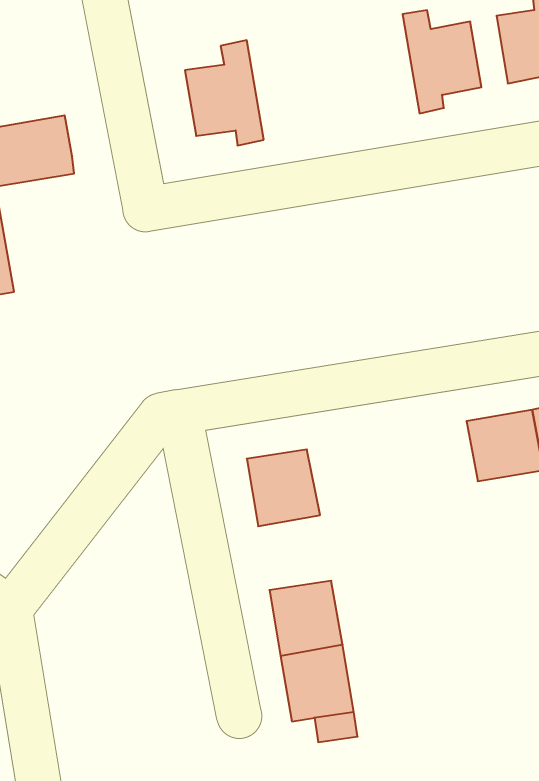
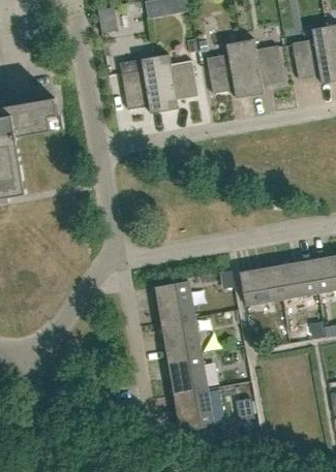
building: none -> [206,41,249,98]
building: none -> [154,54,197,111]
building: none -> [239,265,281,305]
building: none -> [160,317,201,358]

